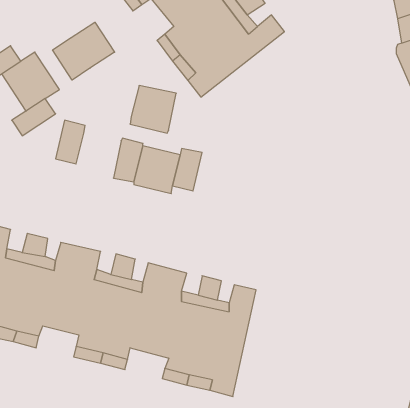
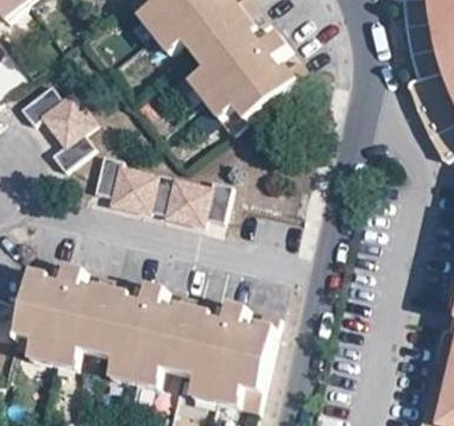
building: [53,22,115,80] -> none
building: [130,86,176,133] -> [112,169,155,212]

